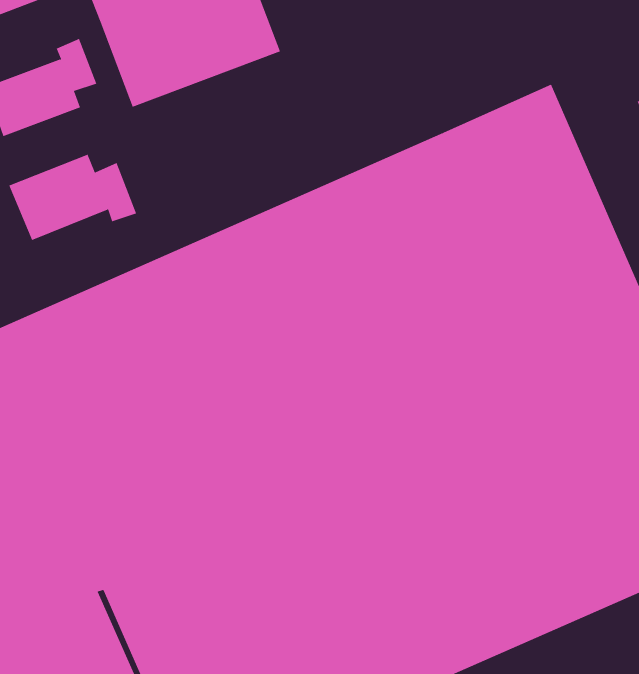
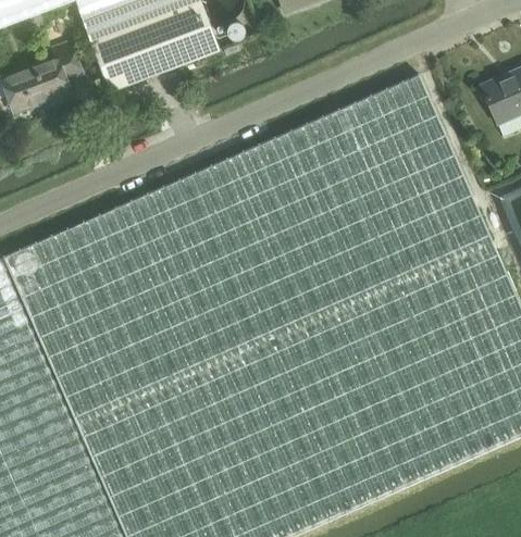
building: [8,154,137,241] -> none

